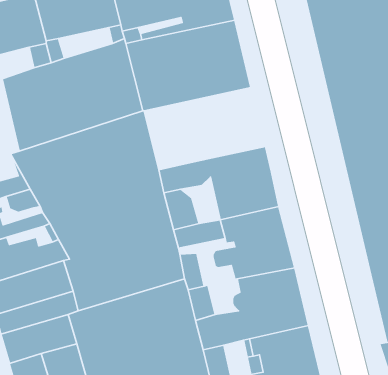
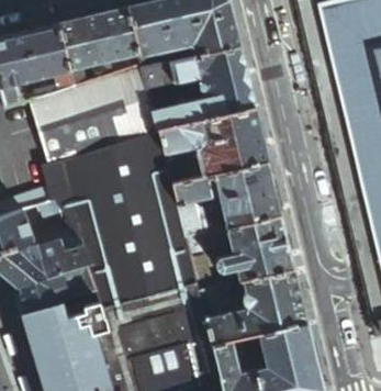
building: none -> [159,109,268,182]

